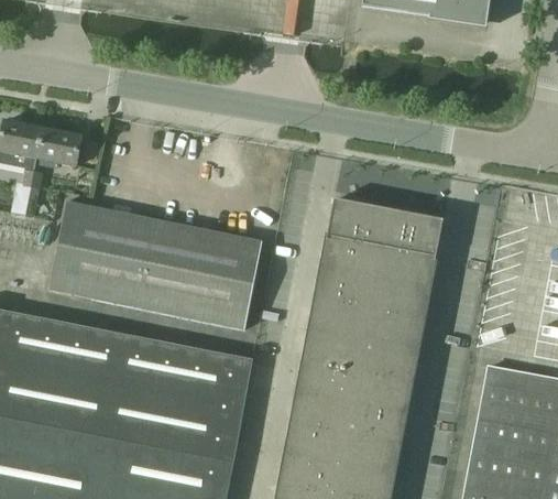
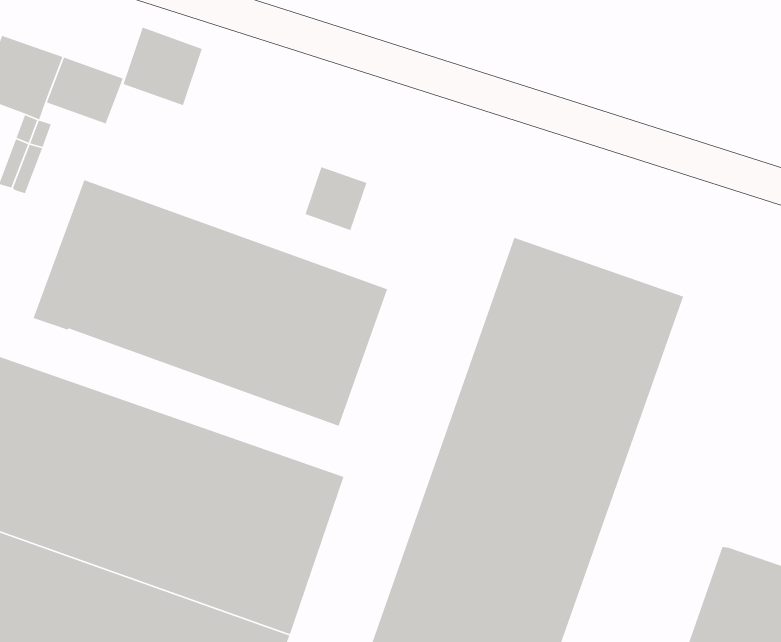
building: none -> [123,27,203,106]
building: none -> [304,166,367,231]

